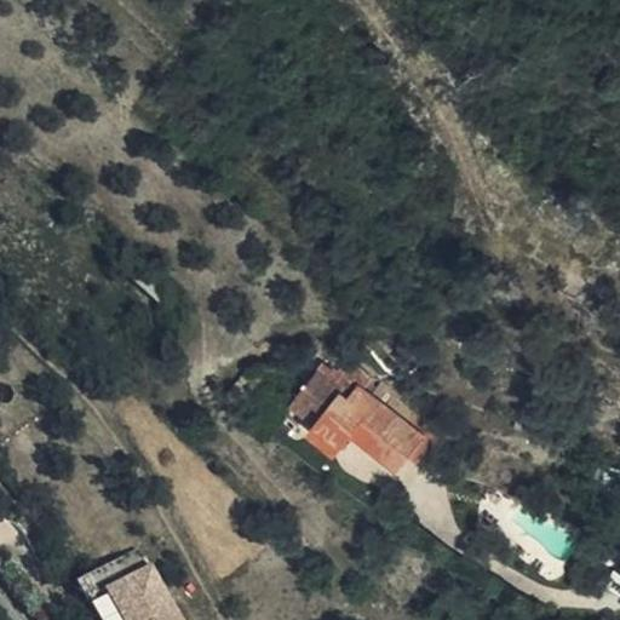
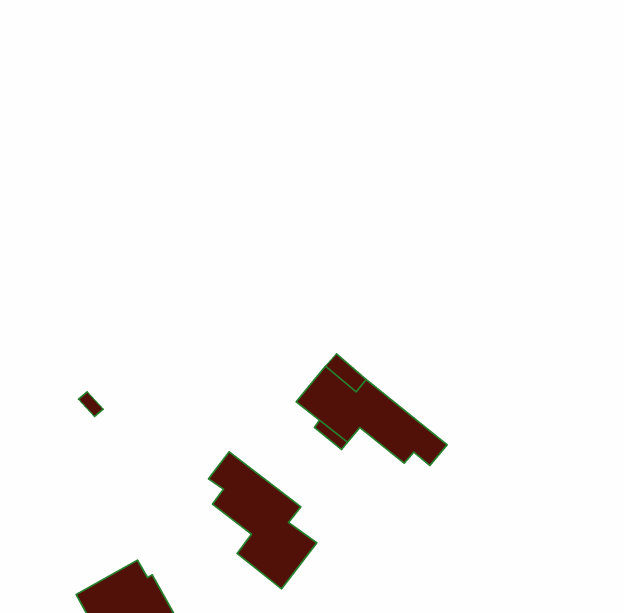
building: none -> [209,452,317,589]

